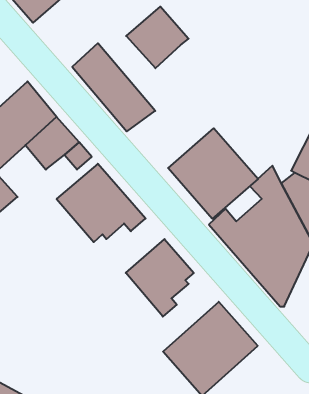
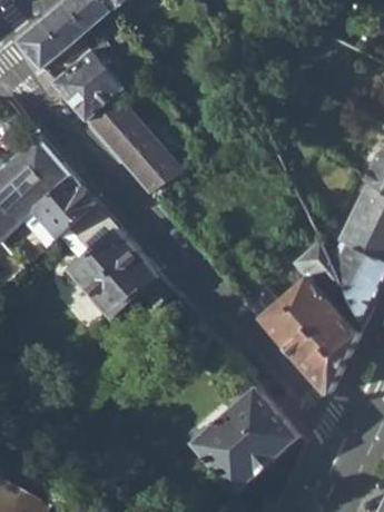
building: [126,7,189,68] -> [53,49,125,119]
building: [168,128,258,219] -> none
building: [126,239,194,317] -> none

